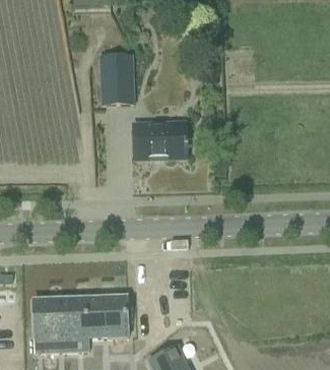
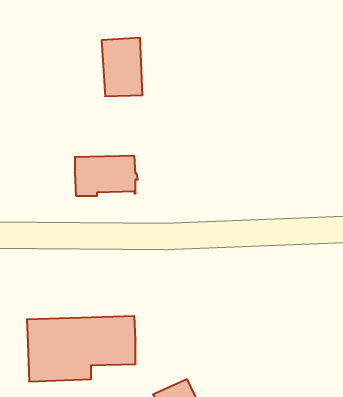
building: [136,122,191,157] -> [75,156,138,196]

